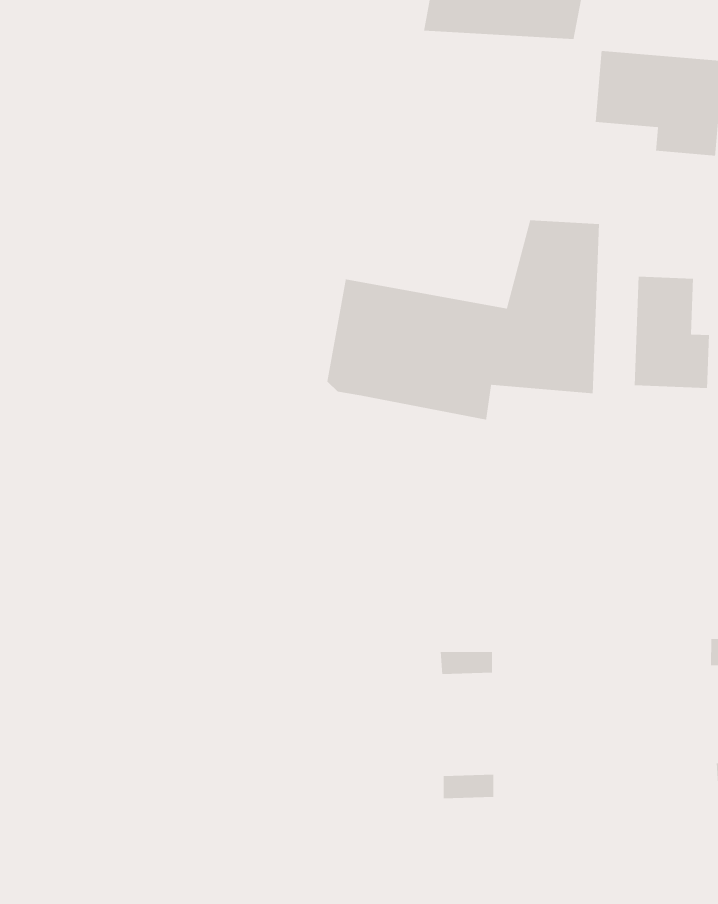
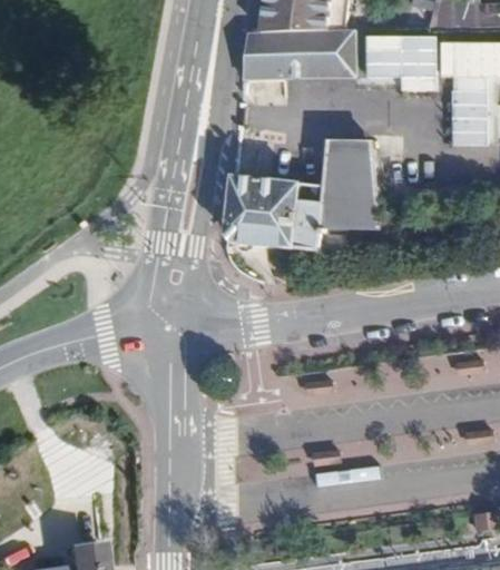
building: none -> [241,30,352,80]
building: [634,276,710,389] -> none

